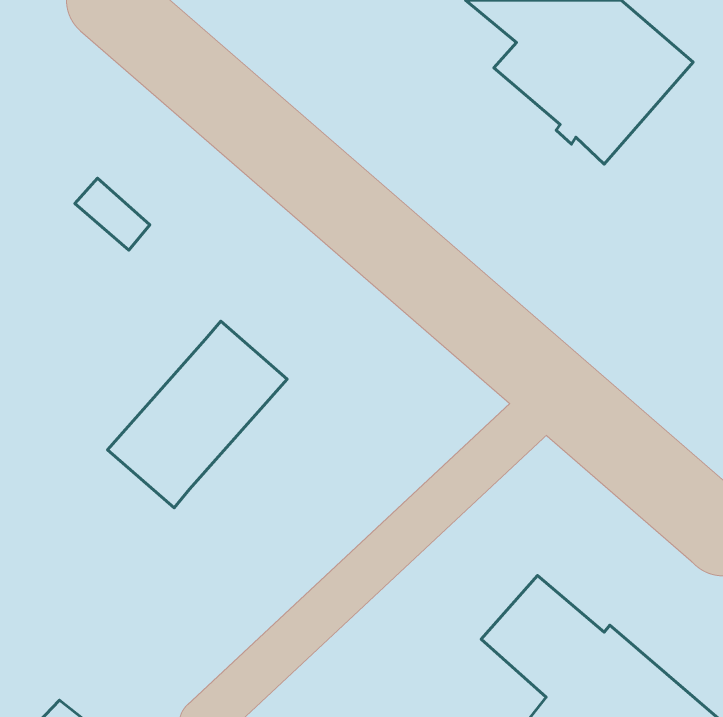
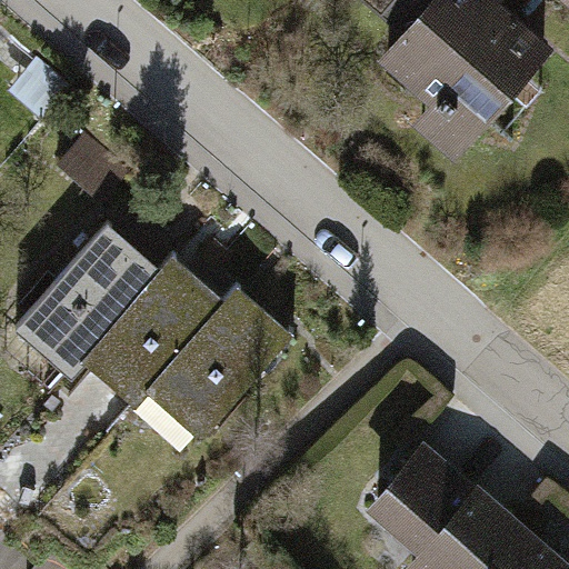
building: none -> [19,224,161,372]
building: none -> [149,287,292,436]

